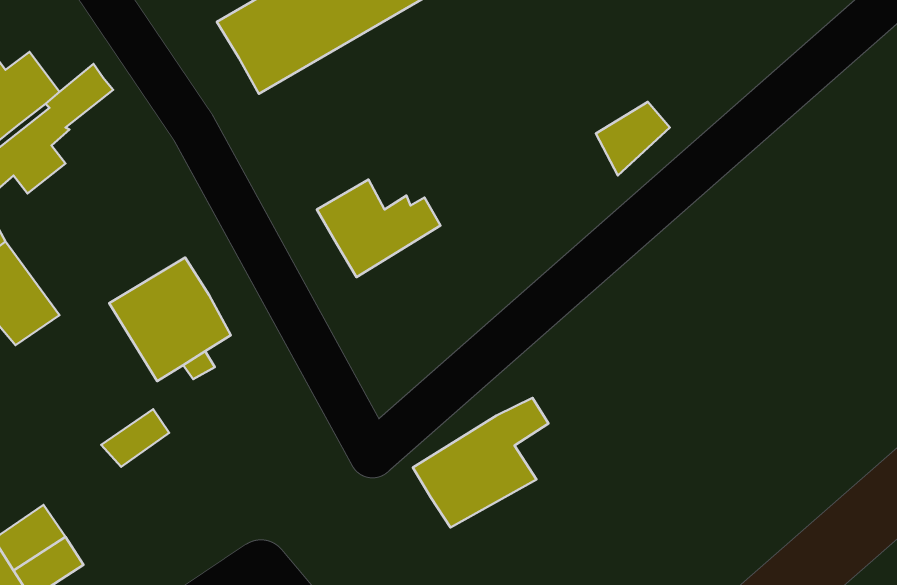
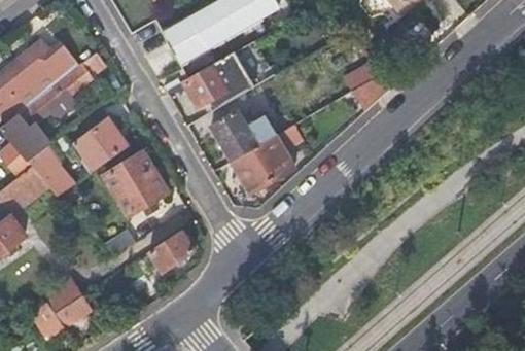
building: none -> [185,51,255,111]
building: none -> [72,118,129,172]
building: [413,398,548,527] -> [232,126,302,192]
building: none -> [148,230,195,272]

